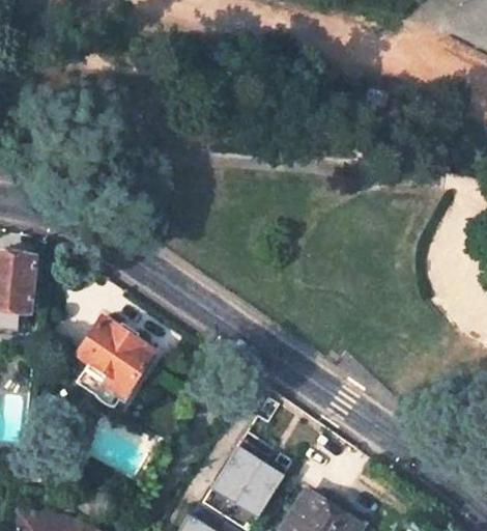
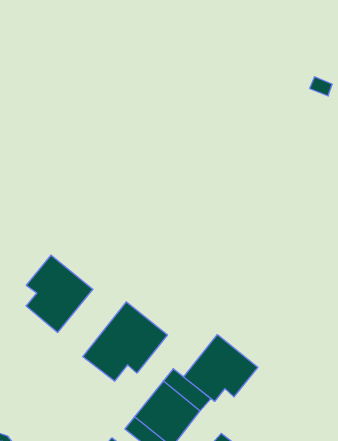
building: none -> [83,302,167,381]
building: none -> [184,335,258,401]

